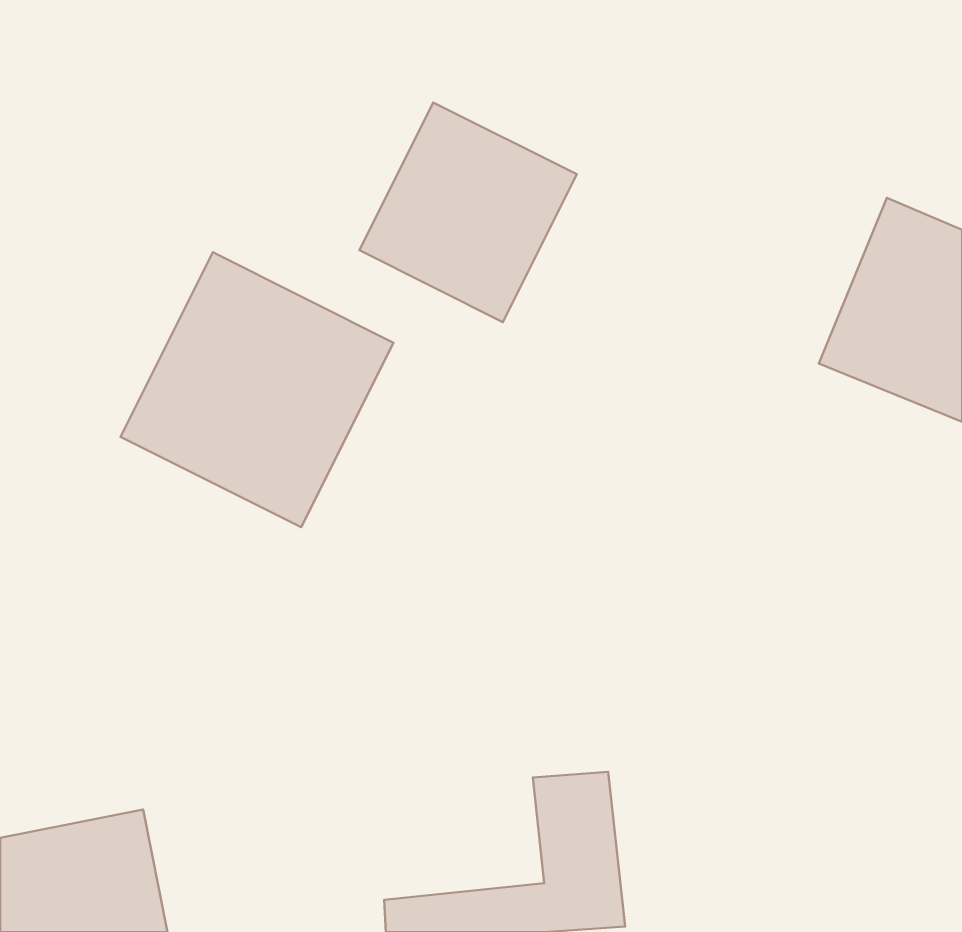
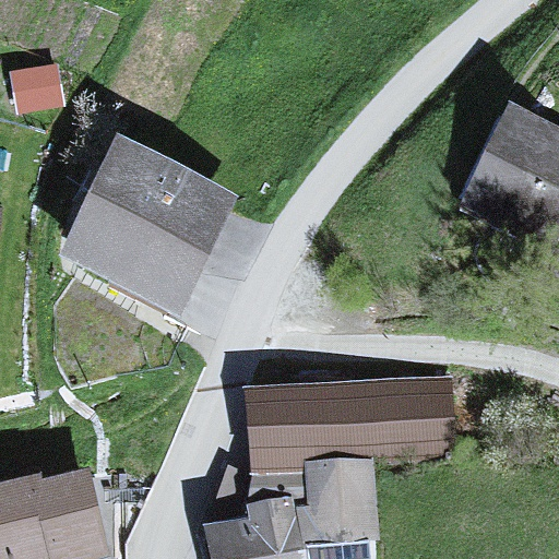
building: [359,103,577,322] -> none
building: none -> [255,377,454,455]

